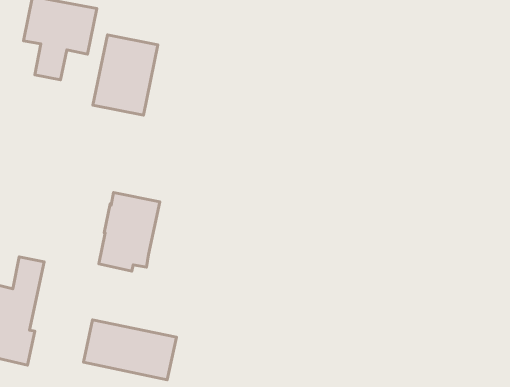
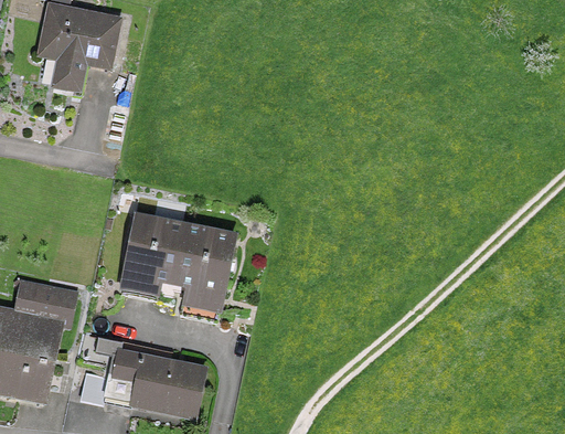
building: [93,35,158,115] -> none
building: none -> [171,222,234,318]

